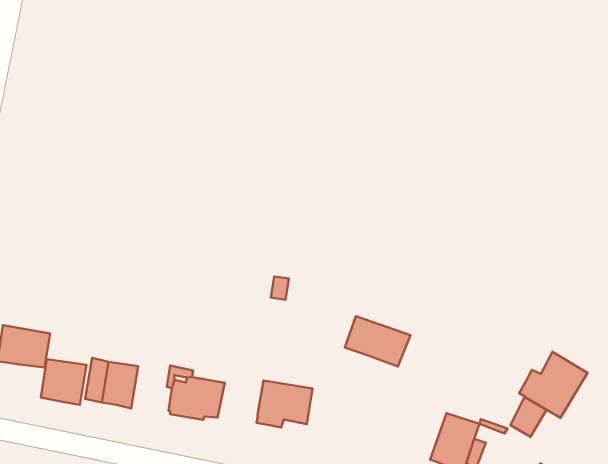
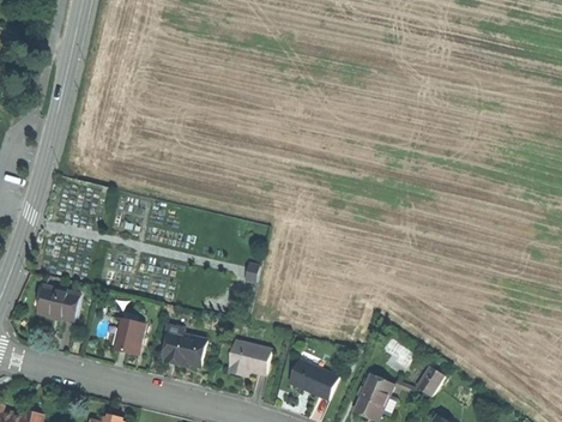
building: [345,316,410,367] -> [289,360,338,399]
building: [519,352,587,418] -> none
building: [41,359,86,405] -> none

